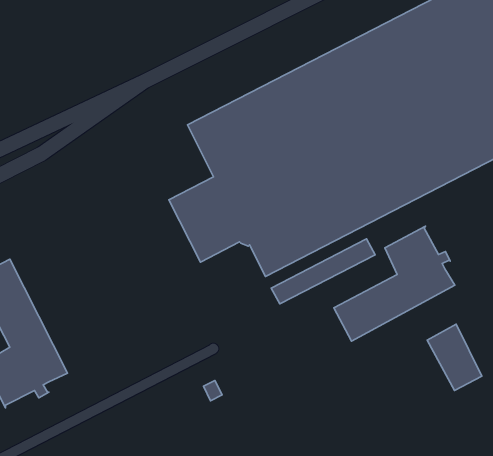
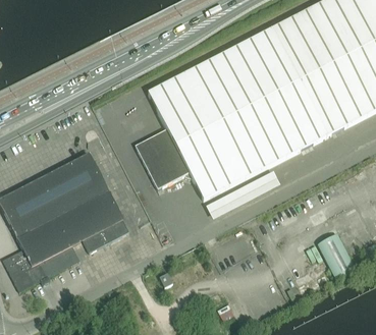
building: none -> [23,153,129,267]
building: [334,226,455,341] -> none

